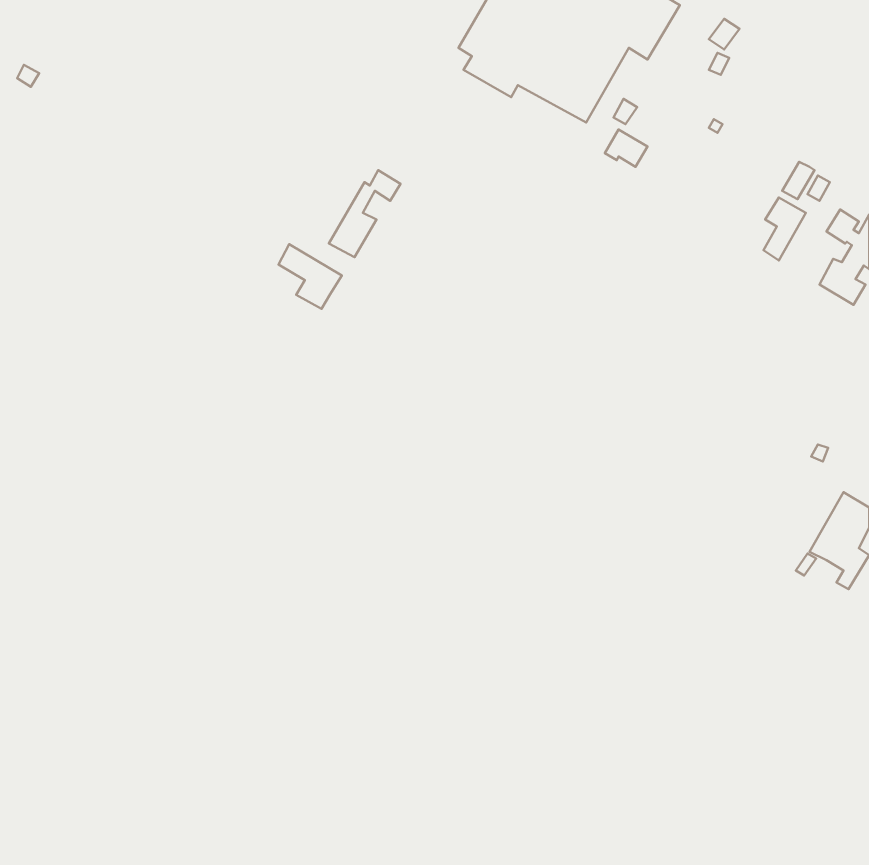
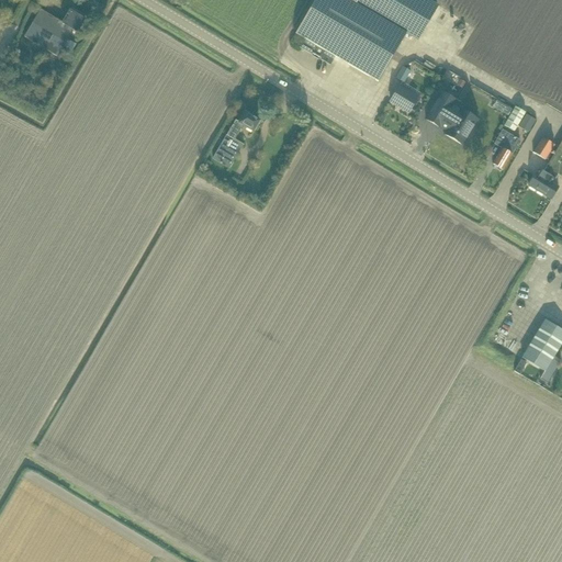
building: none -> [24,7,85,54]
building: none -> [425,89,477,143]
building: [279,244,342,309] -> none

